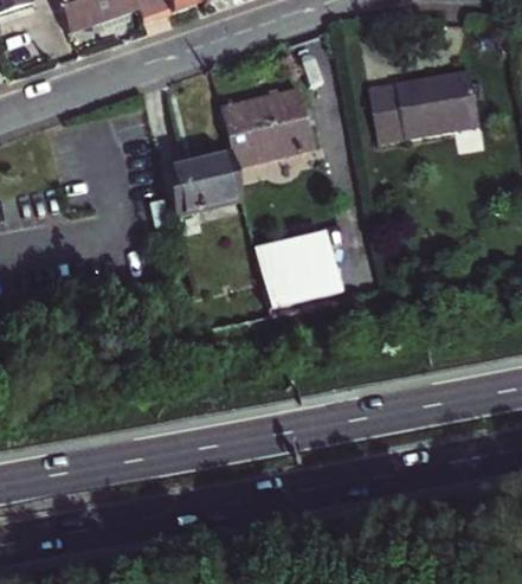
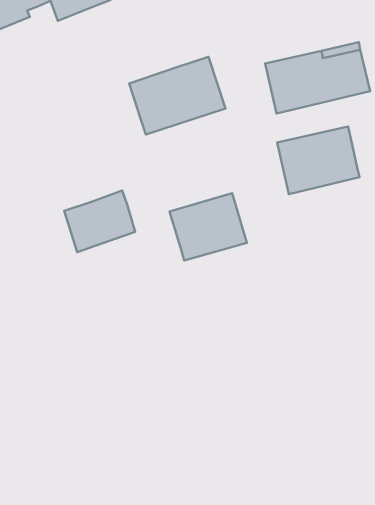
building: [163,142,240,207] -> [64,191,135,252]
building: none -> [277,127,359,194]

